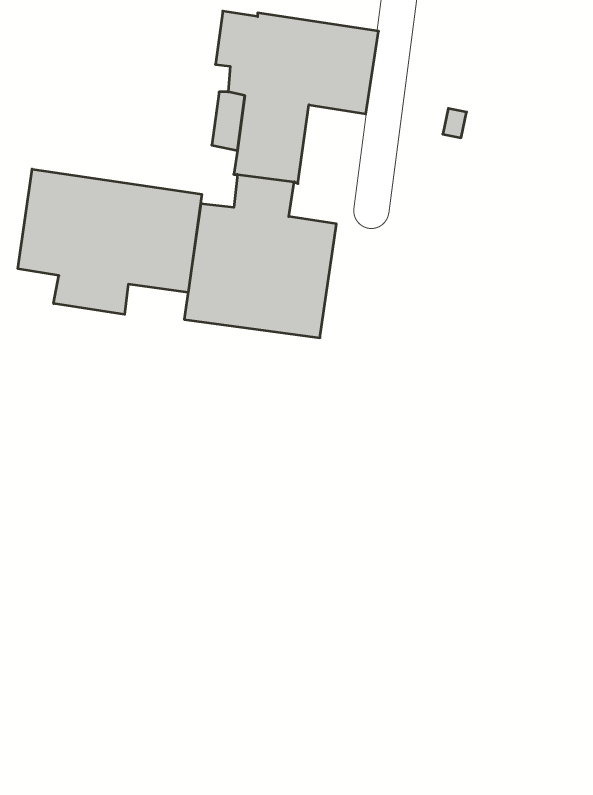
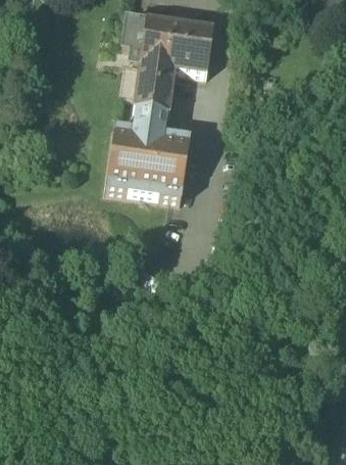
building: [18,169,202,314] -> none

